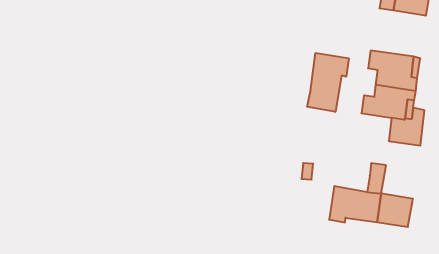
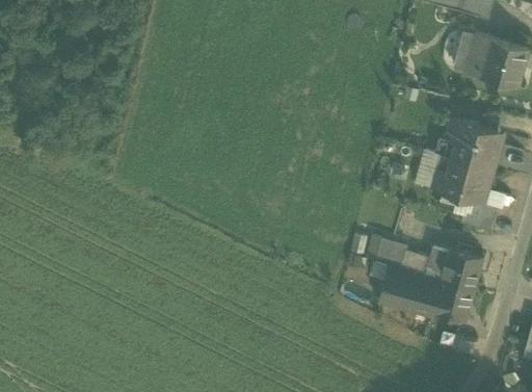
building: [307,53,349,112] -> none
building: none -> [375,239,429,277]
building: none -> [440,249,483,290]

